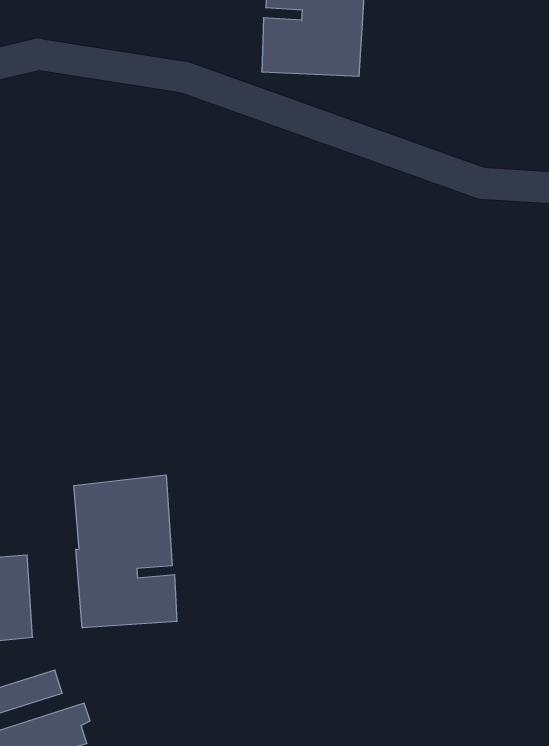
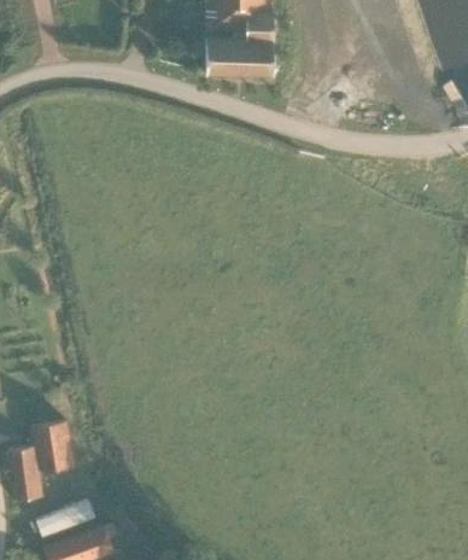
building: [74,475,177,628] -> none

